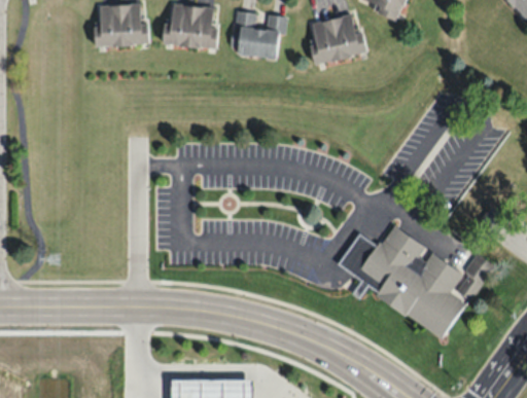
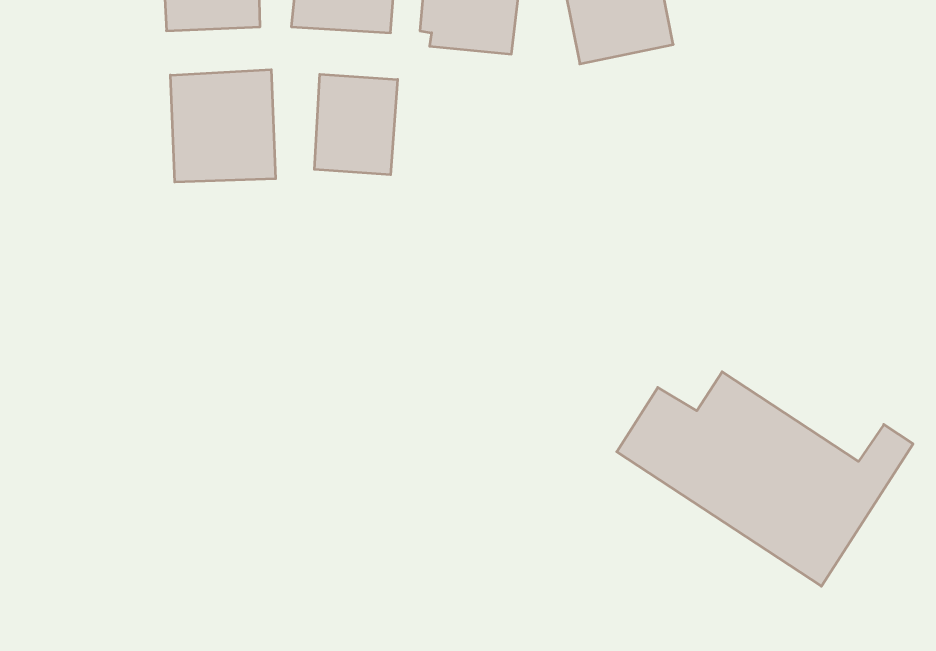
building: none -> [170,70,276,182]
building: none -> [314,74,398,175]

